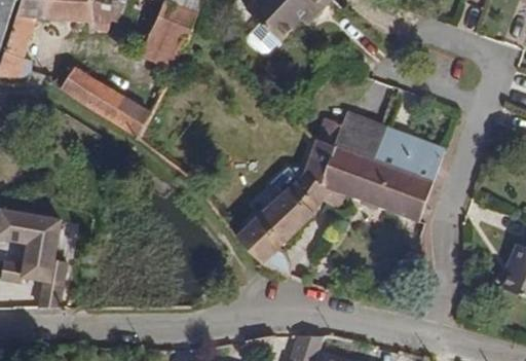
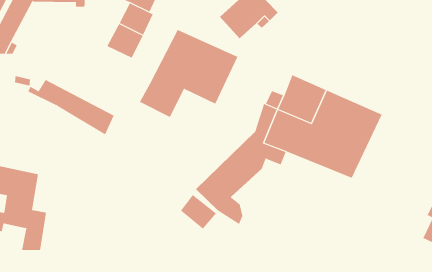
building: none -> [139,29,238,118]
building: [45,73,146,138] -> [27,79,114,135]
building: none -> [180,194,217,230]

